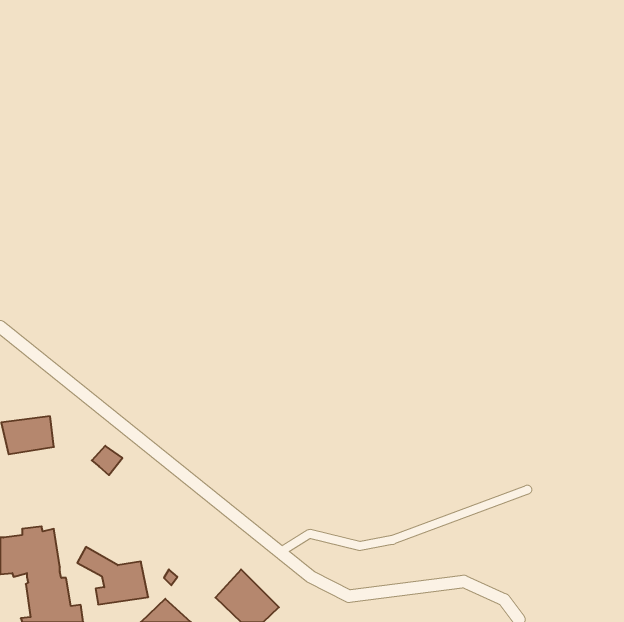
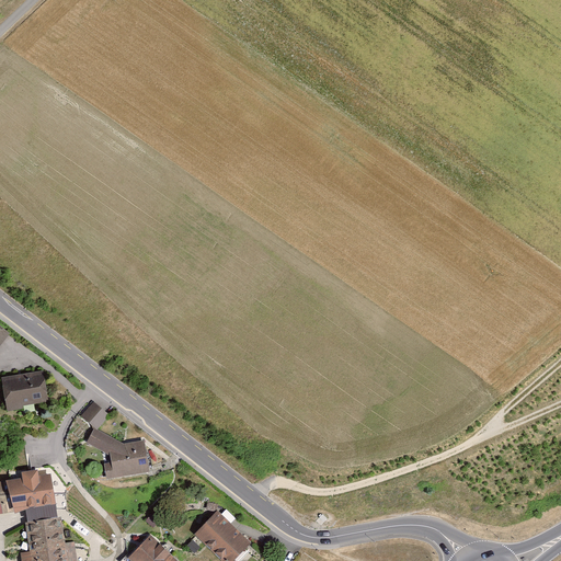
building: [77,547,148,604] -> [87,428,150,480]

